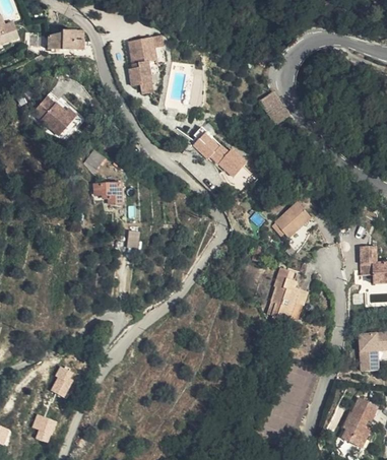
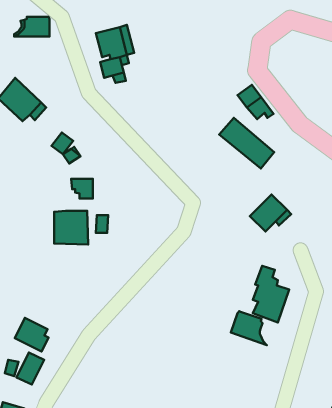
building: [187,124,241,174] -> [219,118,274,169]
building: none -> [54,211,88,245]
building: none -> [231,311,267,345]
building: none -> [15,318,48,351]

